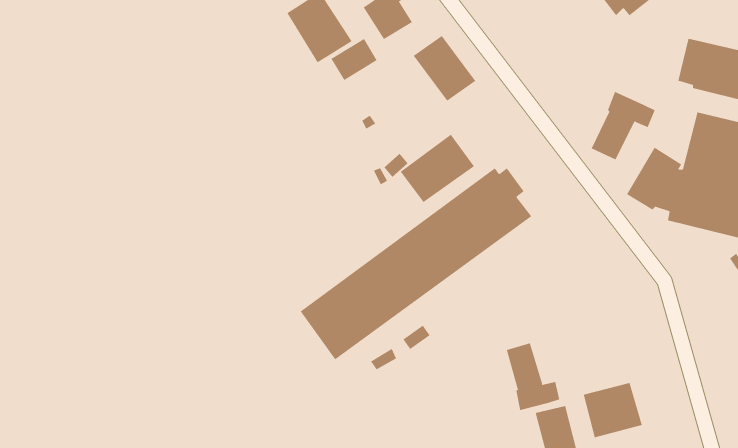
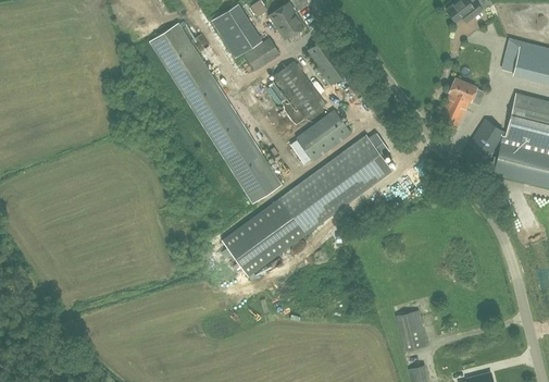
building: none -> [149,22,282,204]
building: none -> [273,61,325,119]
building: [506,343,560,411] -> none
building: [583,382,643,438] -> none

